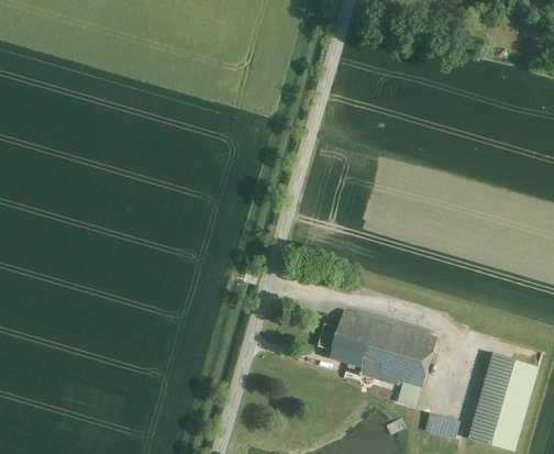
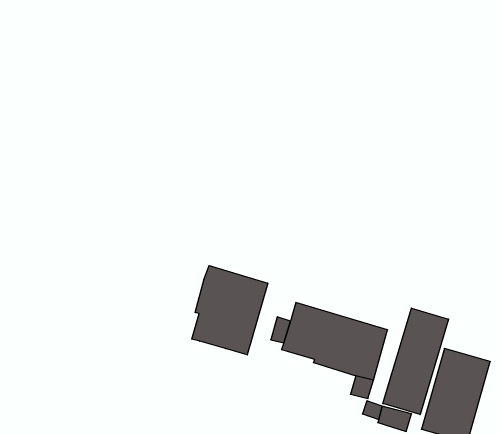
building: none -> [192,266,268,355]
building: none -> [383,308,449,415]

